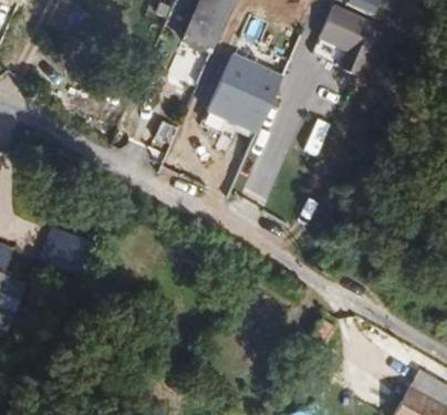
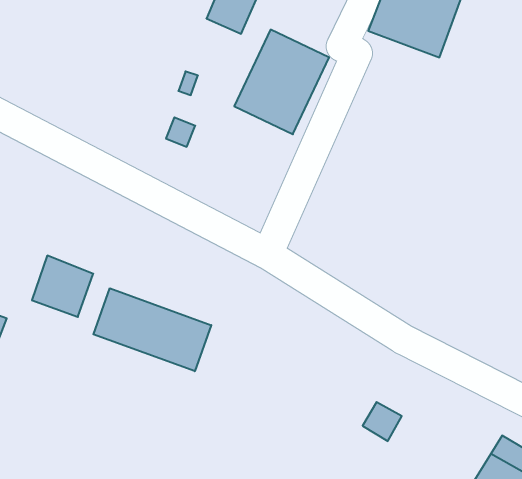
building: none -> [93,288,211,371]

